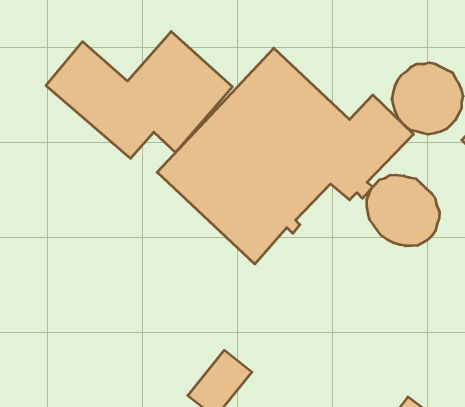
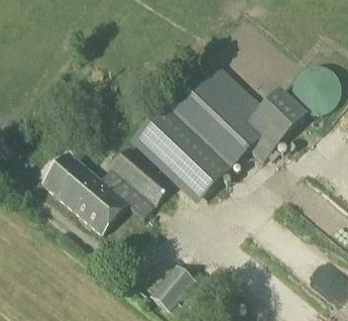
building: [46,31,232,158] -> [42,144,171,232]
building: [367,175,440,246] -> none

